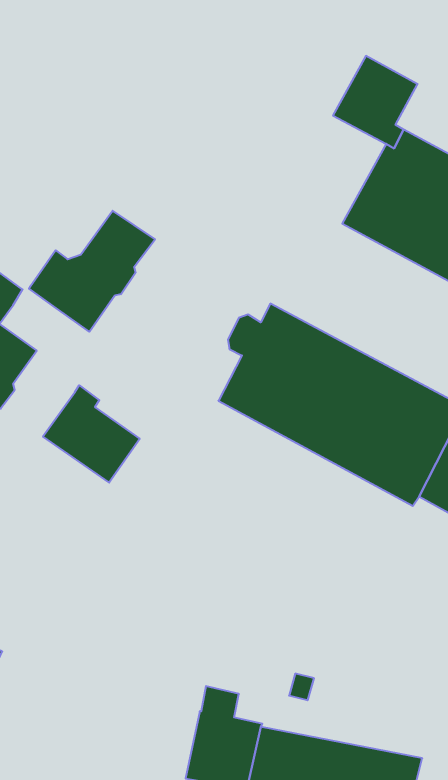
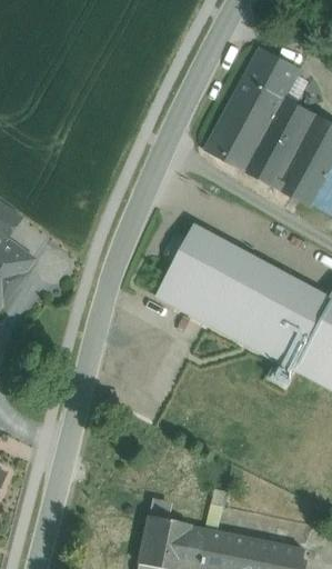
building: none -> [210,93,278,170]
building: [29,211,155,332] -> none
building: [43,385,140,483] -> none

